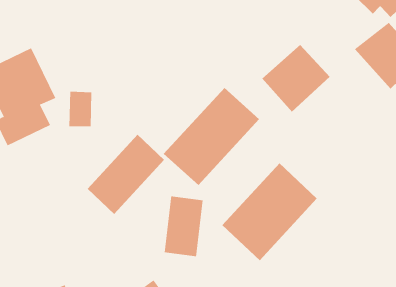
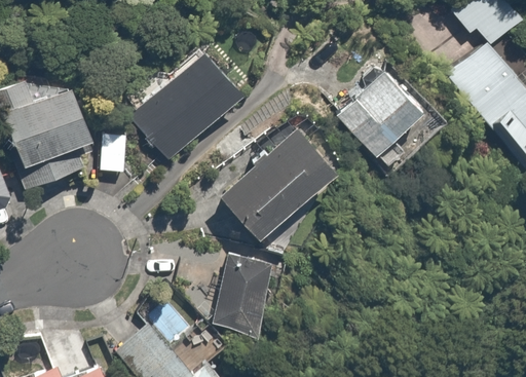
building: none -> [136,51,242,158]
building: [87,134,165,215] -> none
building: [222,163,318,261] -> none

